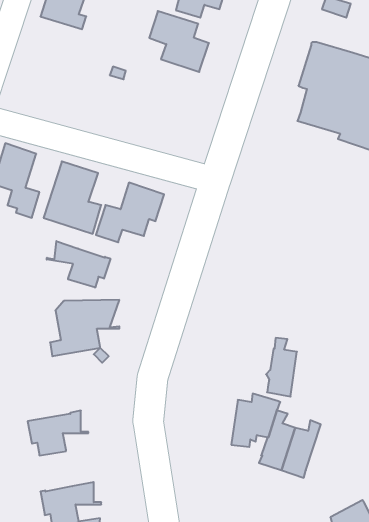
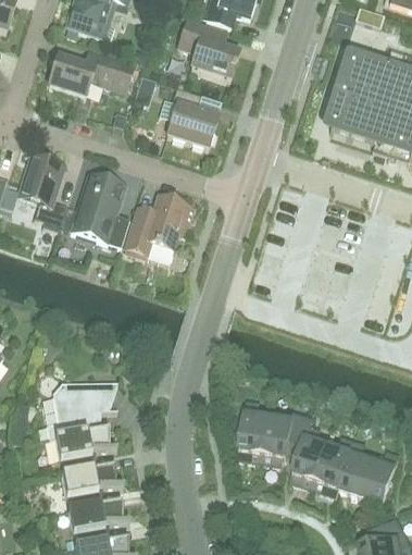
building: none -> [48,52,134,97]
building: none -> [166,87,219,148]
building: [47,241,110,288] -> none
building: [50,300,119,356] -> [47,382,117,440]
building: [266,338,297,397] -> [237,403,269,462]
building: none -> [338,442,398,503]
building: none -> [61,465,123,510]

